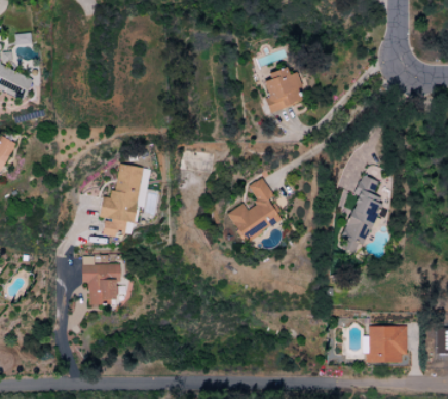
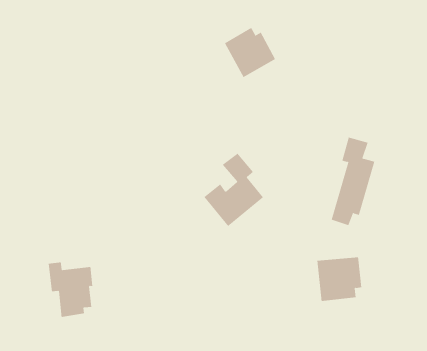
building: [99,164,142,237] -> none
building: [368,325,406,362] -> [316,257,362,302]

